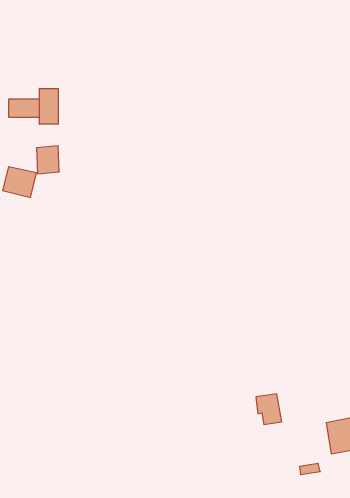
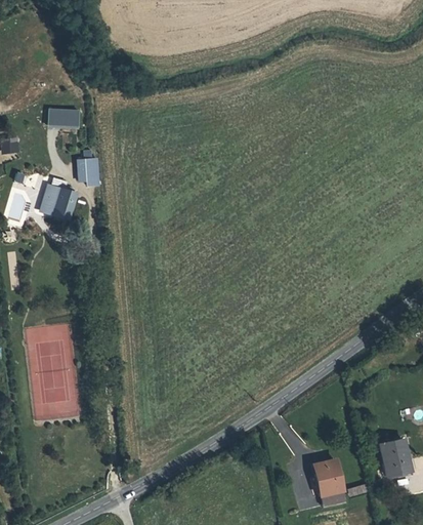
building: [39,88,58,124] -> none
building: [256,394,282,425] -> [312,461,339,493]

